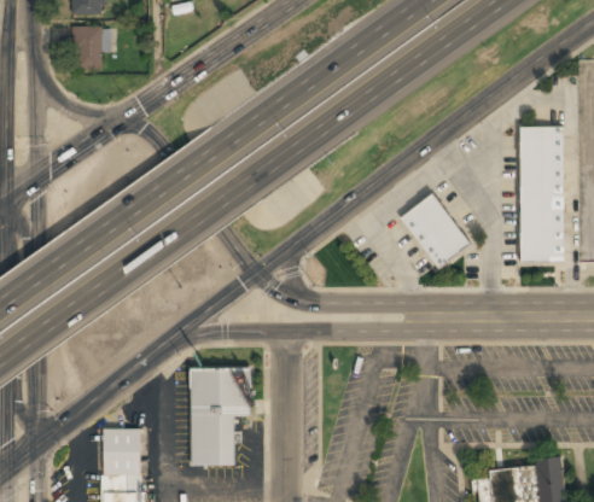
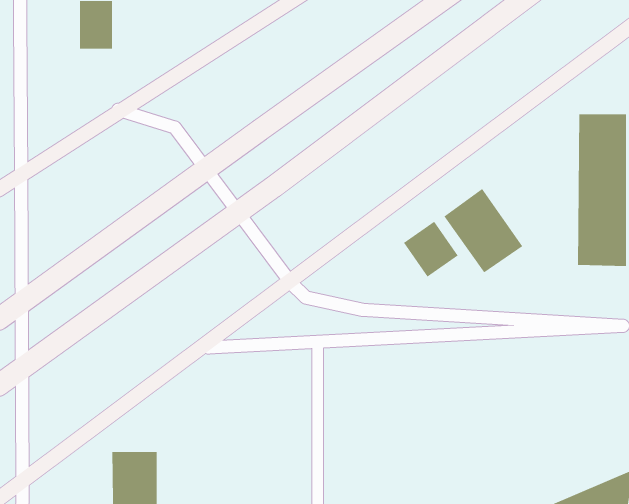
building: none -> [403,221,458,277]
building: [191,367,255,466] -> none

